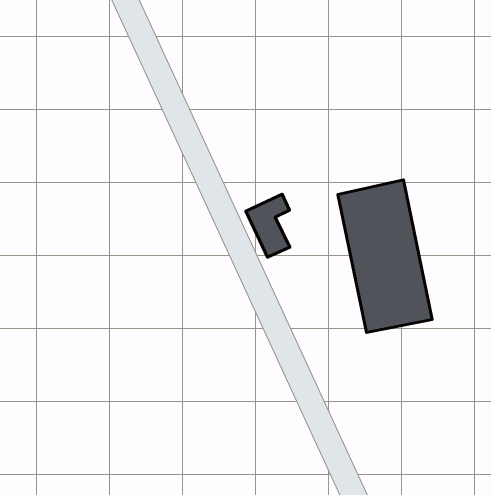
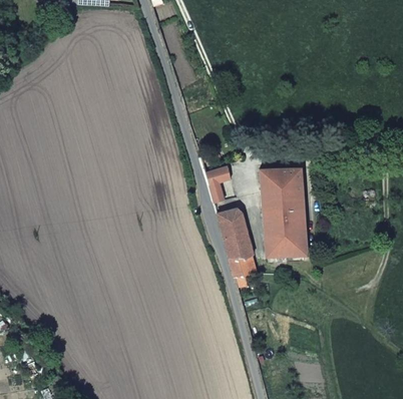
building: none -> [216,207,253,277]

